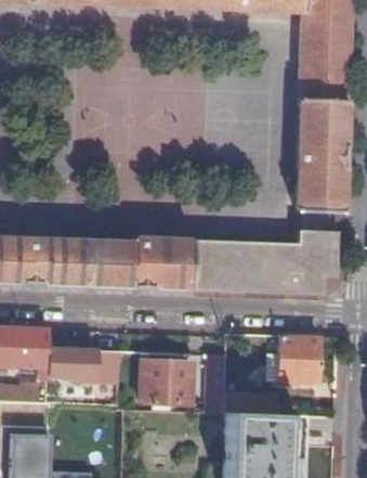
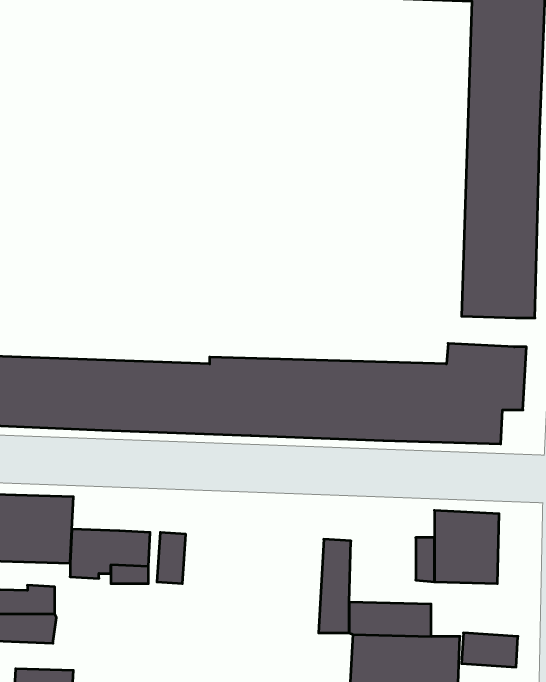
building: [142,360,192,403] -> none

